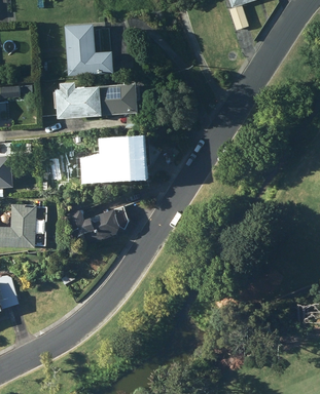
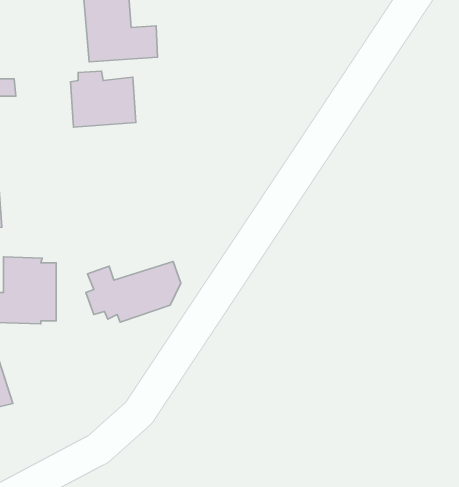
building: [97,83,139,116] -> none
building: [86,139,162,180] -> none

